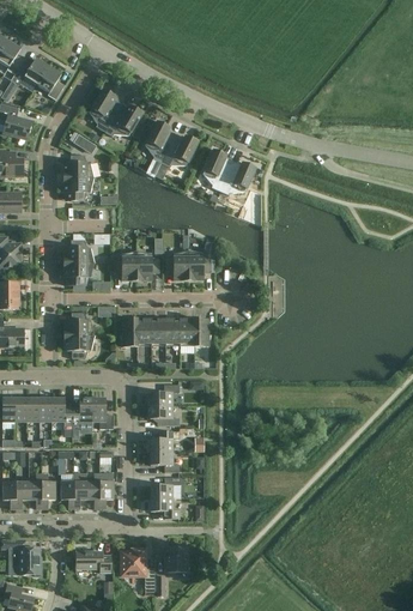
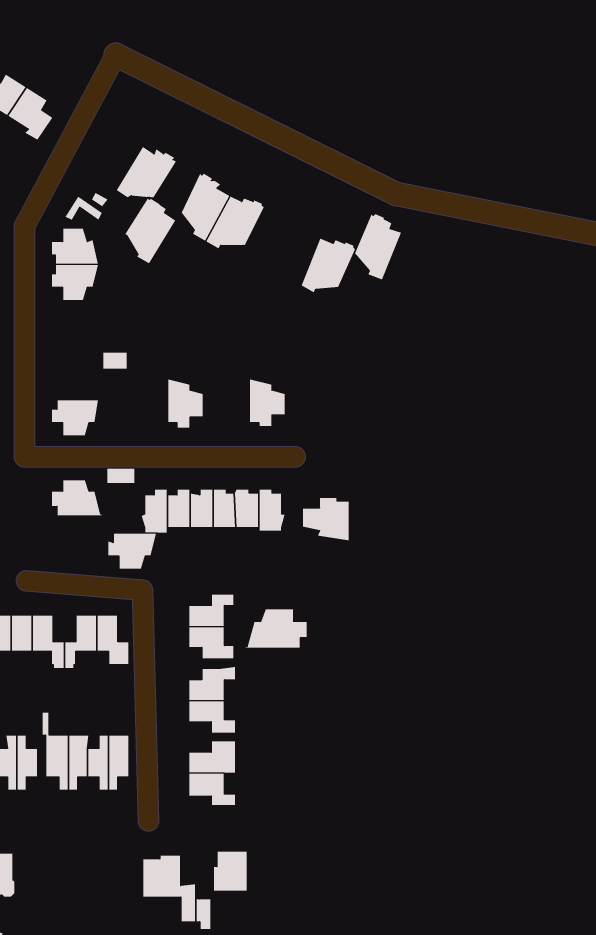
building: [89,89,121,131] -> [125,197,176,264]
building: [202,149,232,190] -> [354,214,402,280]
building: [63,240,95,262] -> none
building: [114,248,136,280] -> none
building: [165,249,188,279] -> none
building: none -> [302,497,349,541]
building: [63,335,95,358] -> [107,533,157,569]
building: none -> [245,608,307,649]
building: [75,551,110,571] -> none

